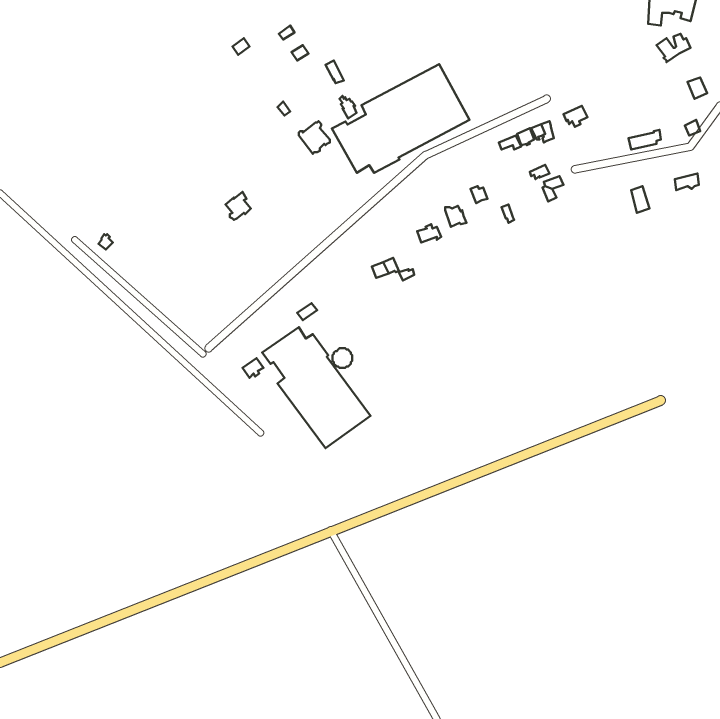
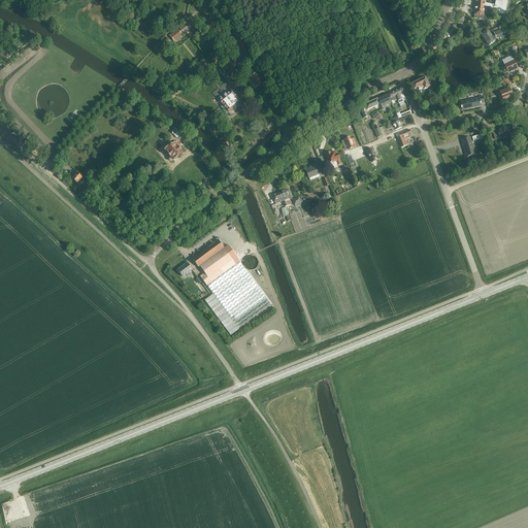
building: [332,64,469,173] -> none

